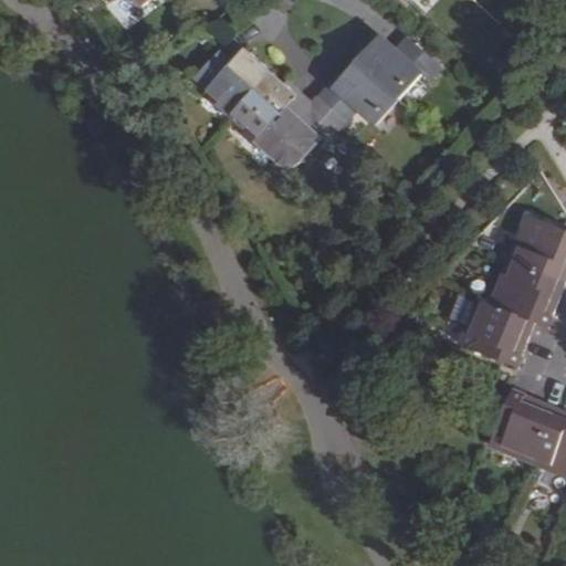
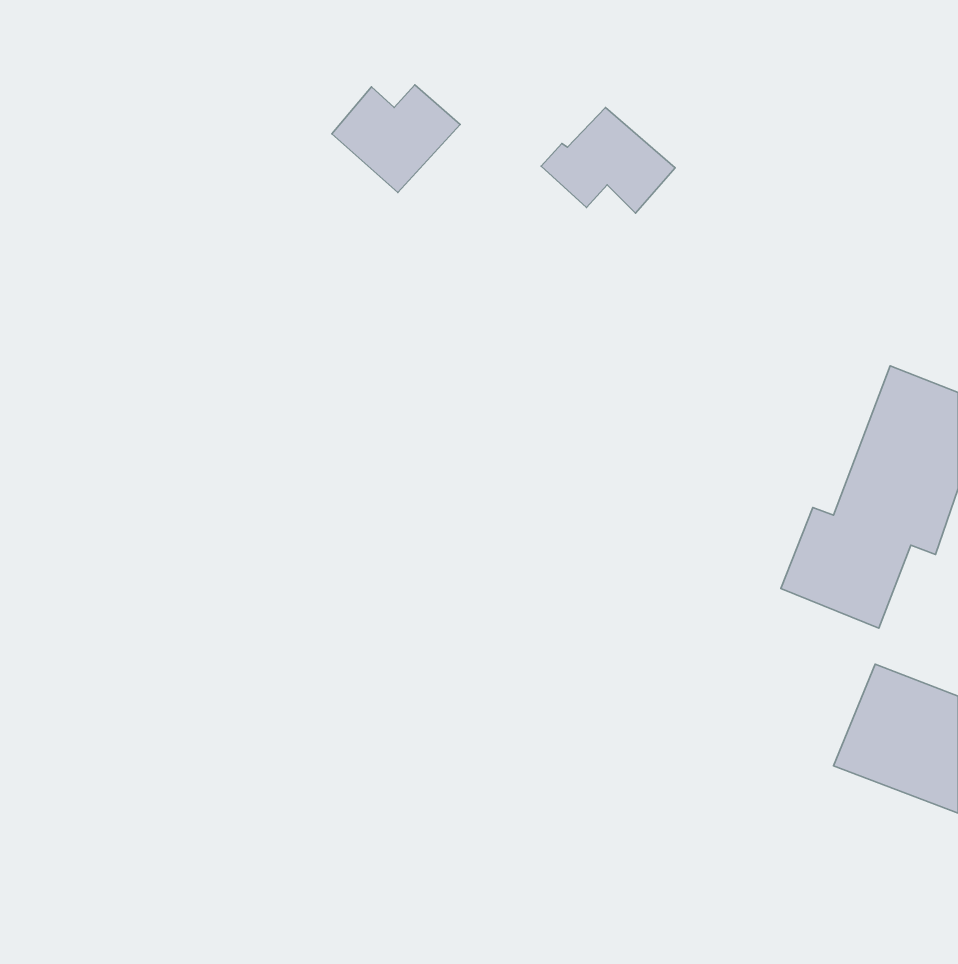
building: [355,36,438,98] -> none
building: [233,73,344,169] -> none

